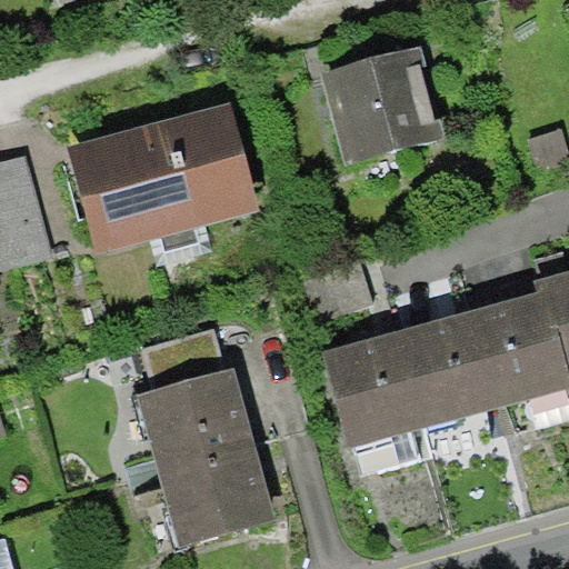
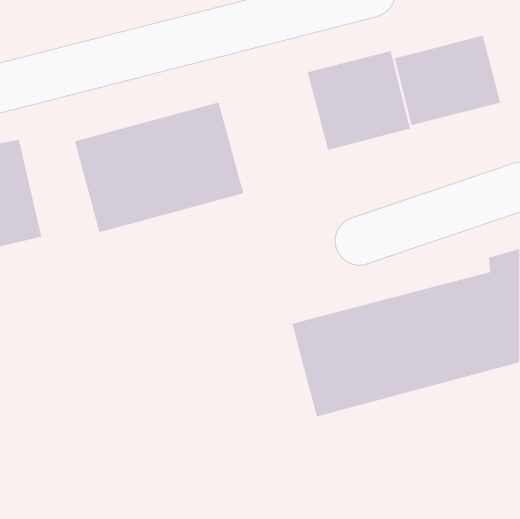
building: none -> [394,35,501,126]
building: [136,375,277,542] -> none

